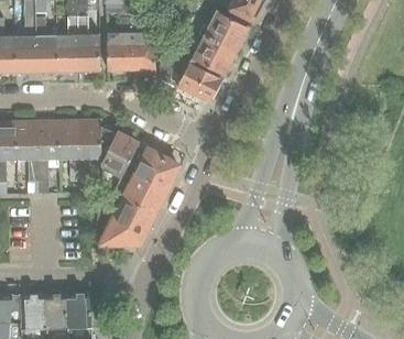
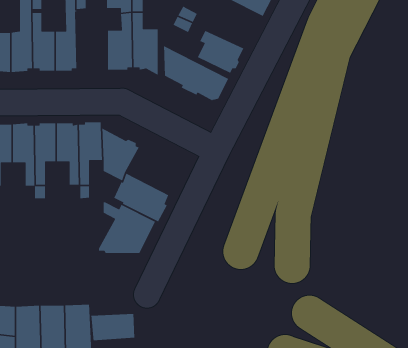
building: [199,11,249,51] -> none
building: [77,17,100,72] -> none
building: [124,144,181,190] -> none
building: none -> [90,313,135,341]

